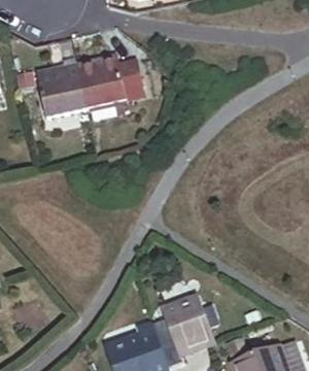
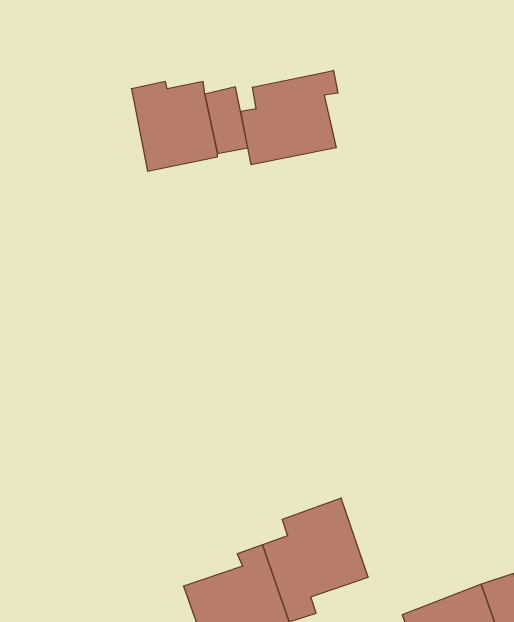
building: none -> [241,70,338,165]
building: [37,61,85,116] -> none

